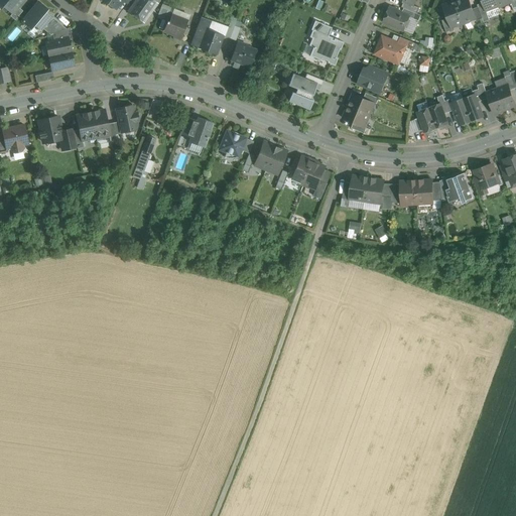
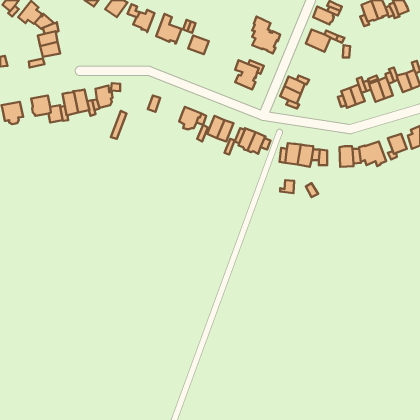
building: [358,68,388,92] -> none
building: [188,117,213,147] -> none
building: [400,180,417,206] -> none

